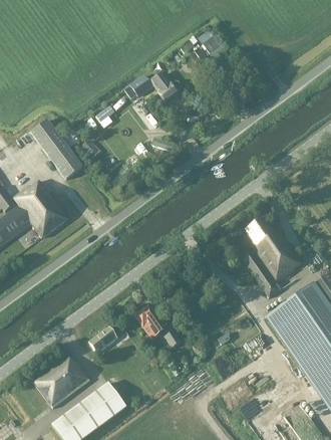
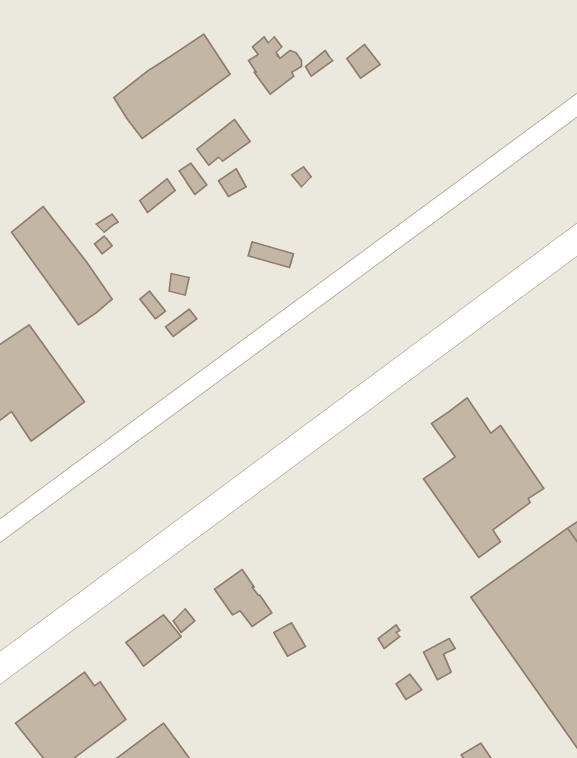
building: none -> [114,34,230,138]
building: [153,72,181,101] -> [248,37,302,94]

